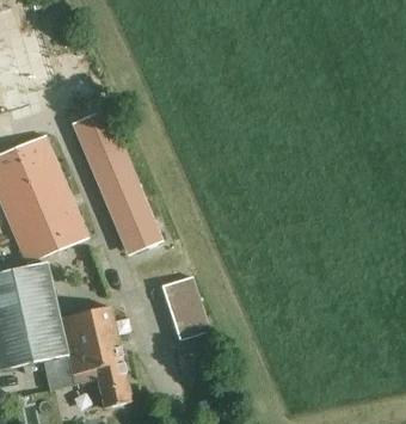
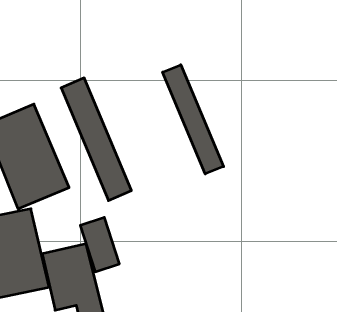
building: none -> [163,65,224,174]
building: [162,278,209,343] -> [80,217,119,272]

